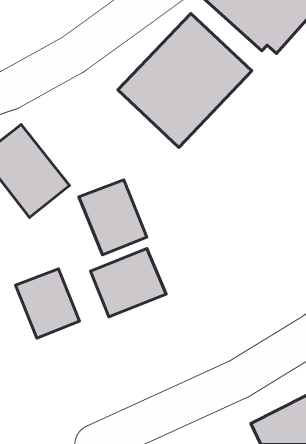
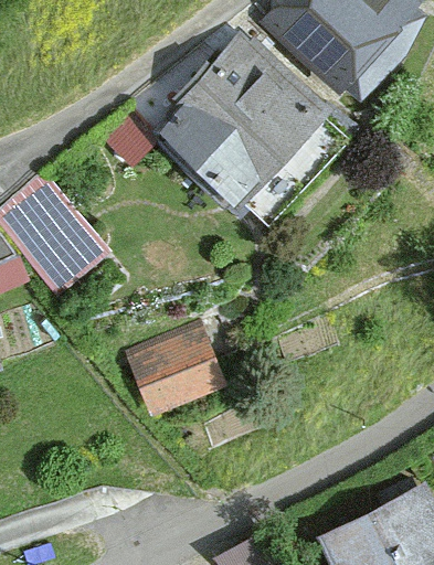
building: [79,180,147,255] -> none
building: [16,269,79,338] -> none

